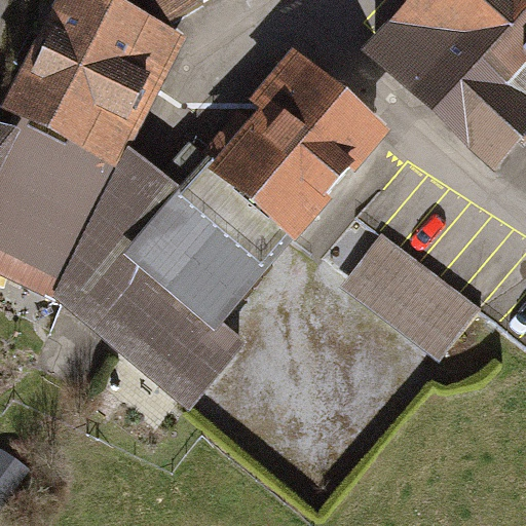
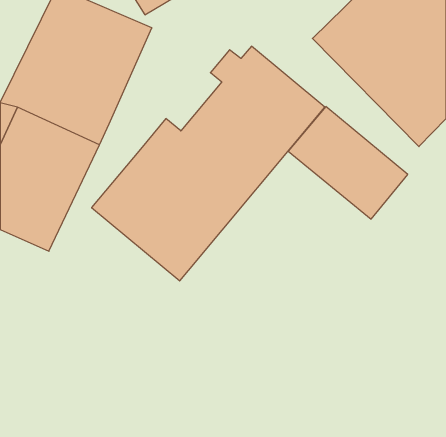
building: [58,146,248,407] -> none
building: [332,228,473,361] -> [288,107,408,219]

